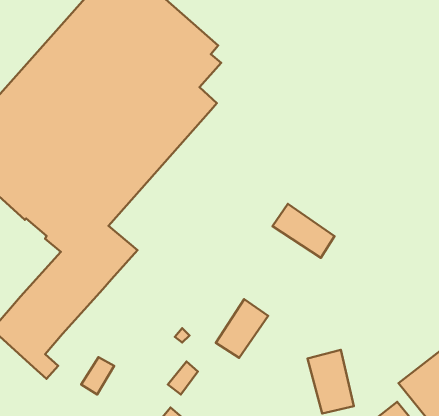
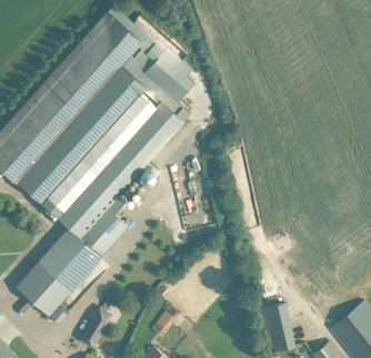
building: [272,204,334,258] -> none
building: [216,299,268,358] -> none

